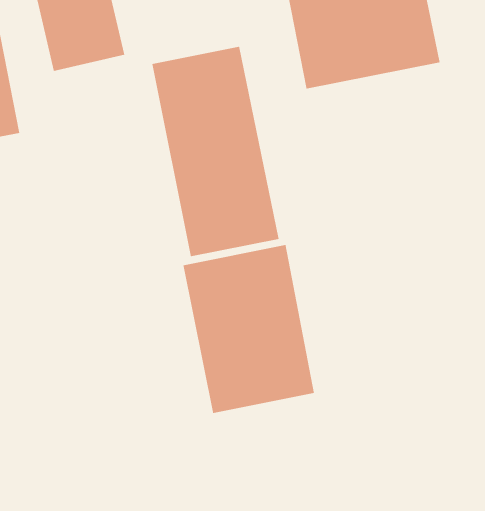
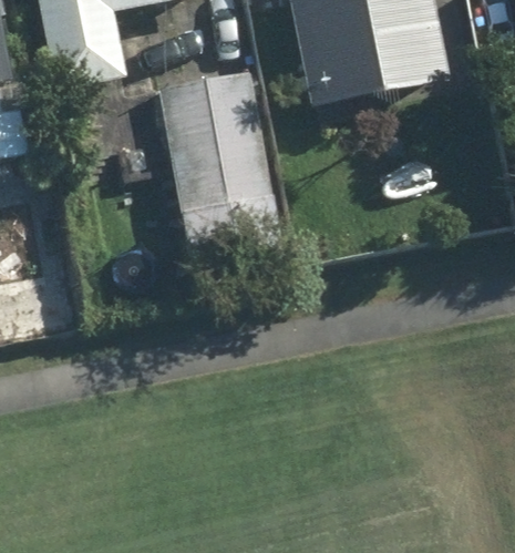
building: [183,244,314,414] -> none

